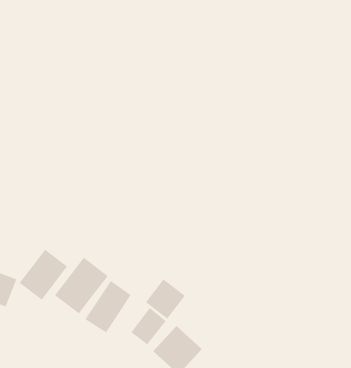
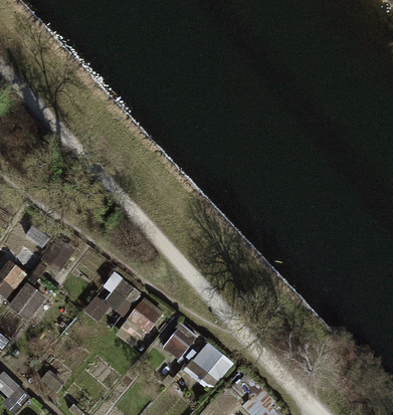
building: [19,249,68,300] -> none
building: [145,279,186,319] -> none

